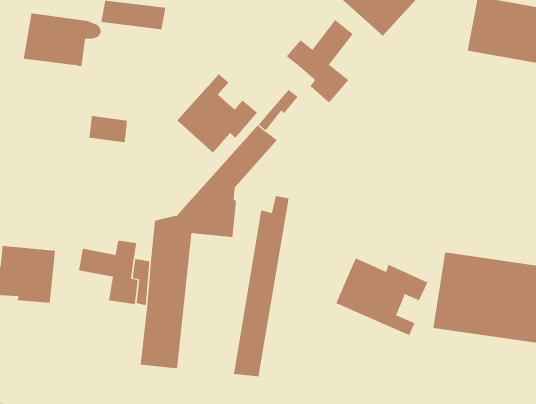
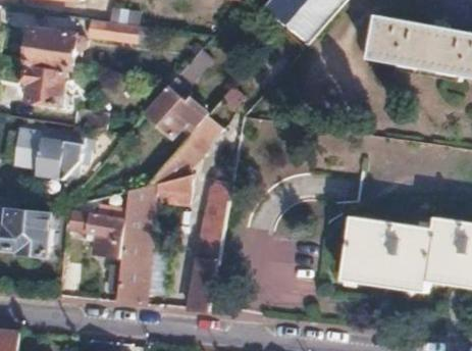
building: [286,19,354,103] -> none
building: none -> [22,65,65,106]
building: none -> [13,130,81,173]
building: [335,257,428,336] -> none

